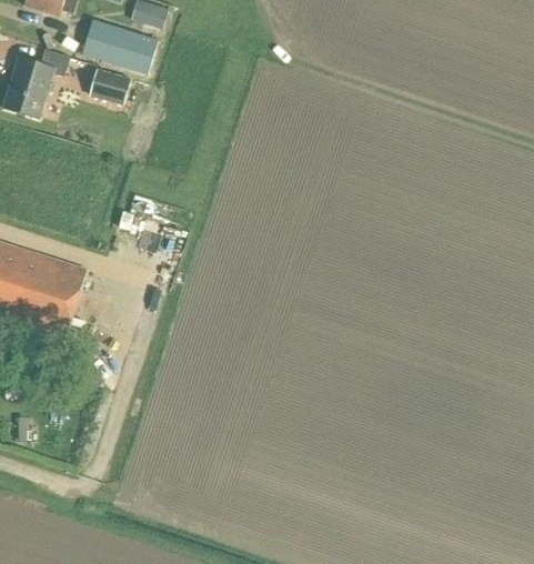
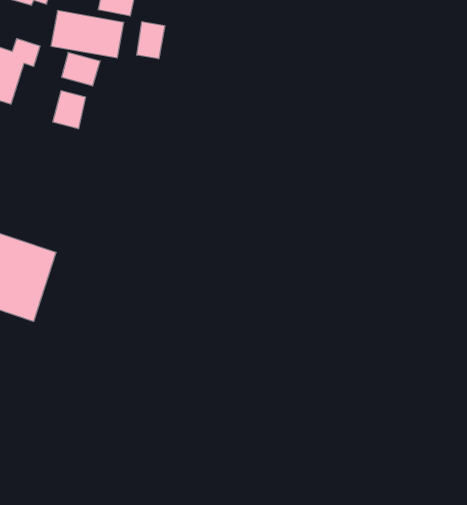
building: none -> [137,22,165,59]
building: none -> [53,91,86,129]

